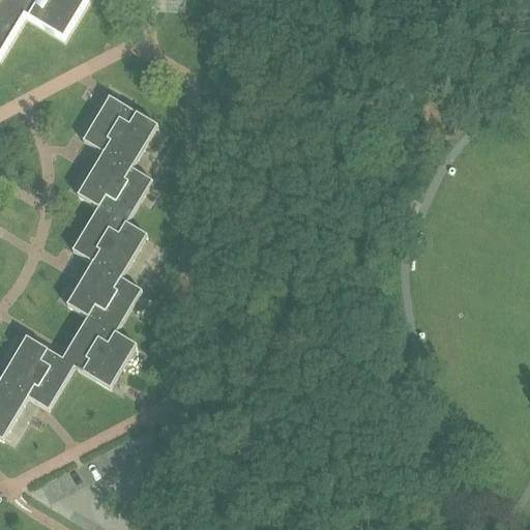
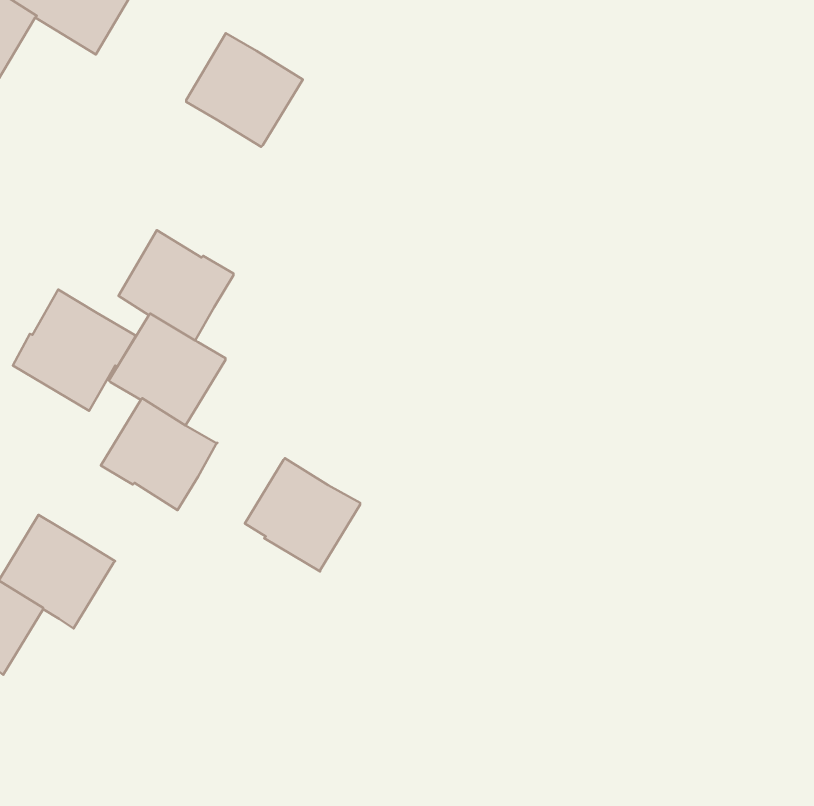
building: [82,93,157,167] -> [186,33,303,147]
building: none -> [13,289,136,411]
building: [61,313,136,386] -> [245,458,360,572]

